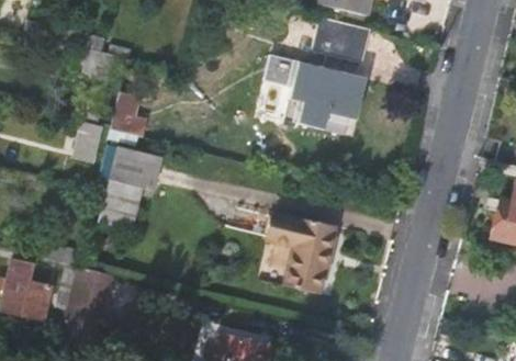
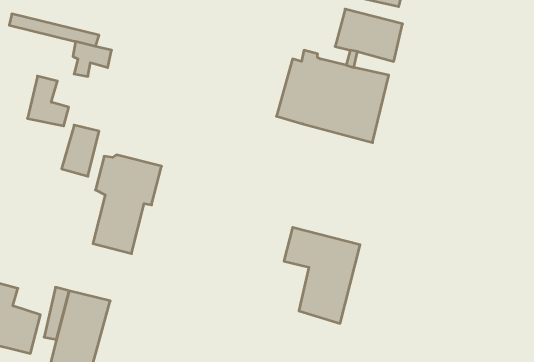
building: [113,90,149,134] -> [27,76,69,126]

